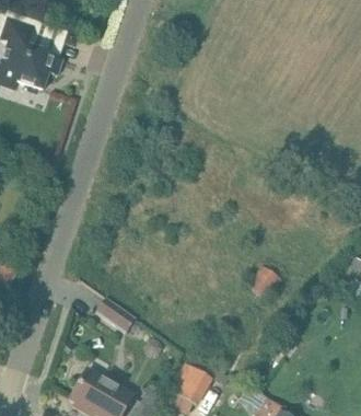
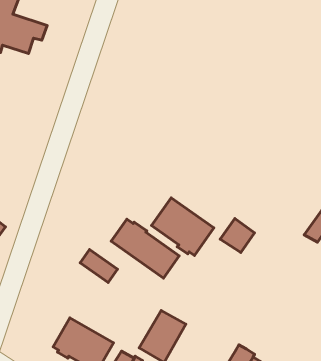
building: none -> [152,198,214,255]
building: none -> [111,219,179,278]

